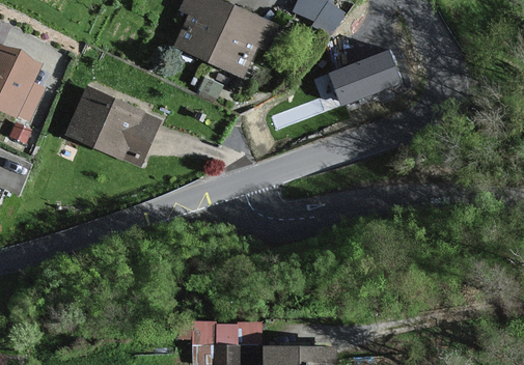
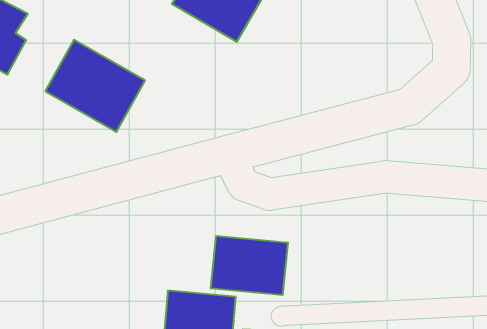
building: [332,53,399,102] -> none
building: none -> [211,236,288,295]

